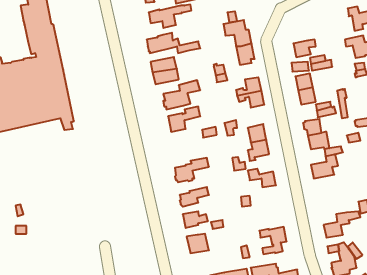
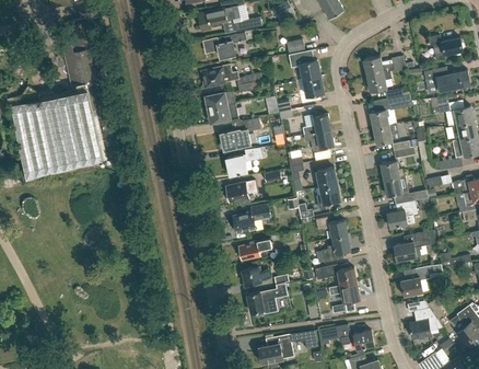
building: none -> [363,56,405,76]
building: none -> [225,180,257,201]
building: none -> [393,231,430,261]
building: none -> [320,235,350,262]
building: none -> [314,265,355,286]

